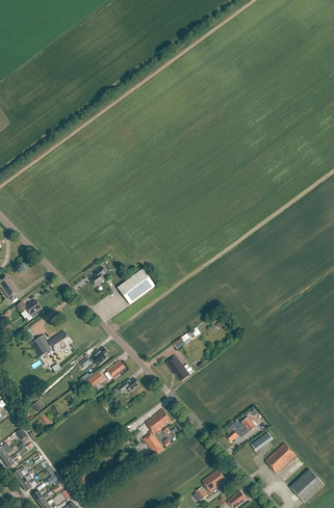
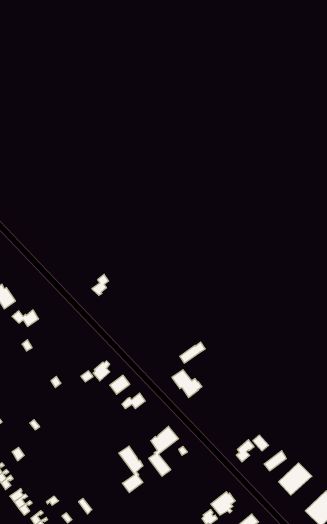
building: [118,268,155,303] -> none
building: [30,331,71,356] -> none
building: none -> [119,446,143,493]

